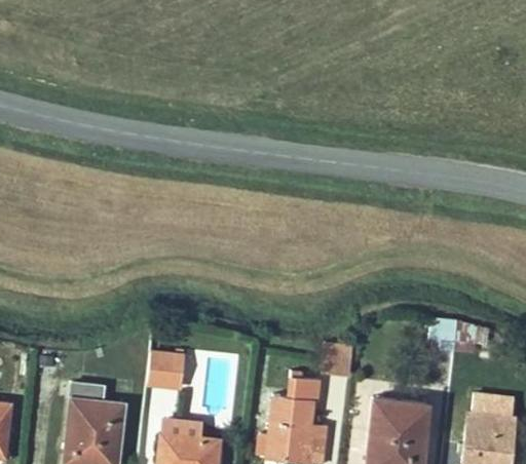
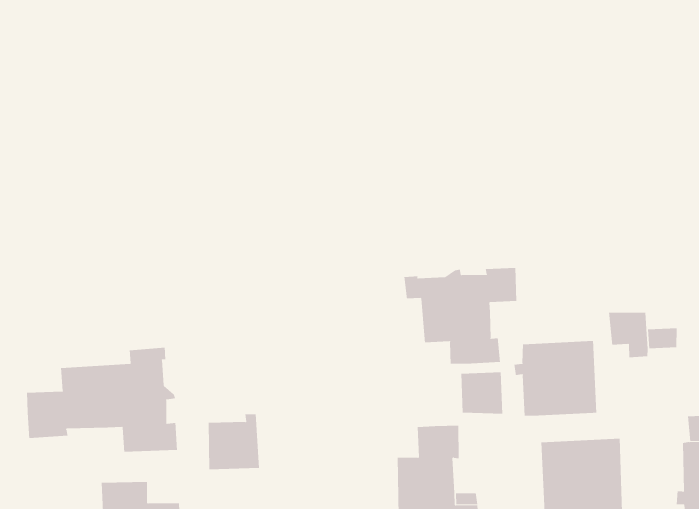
building: none -> [404,267,517,365]
building: none -> [27,347,177,452]
building: none -> [514,340,597,417]

